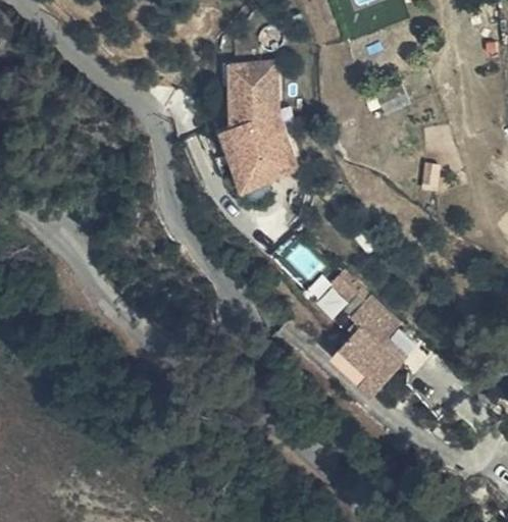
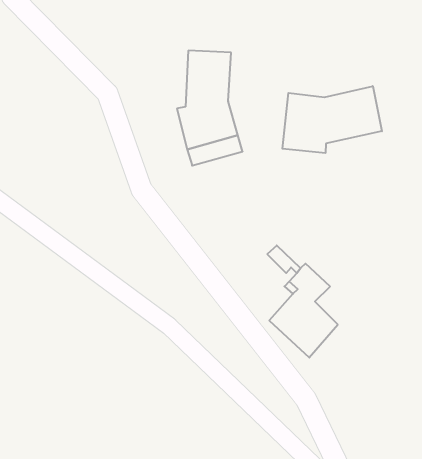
building: none -> [282,86,382,153]

